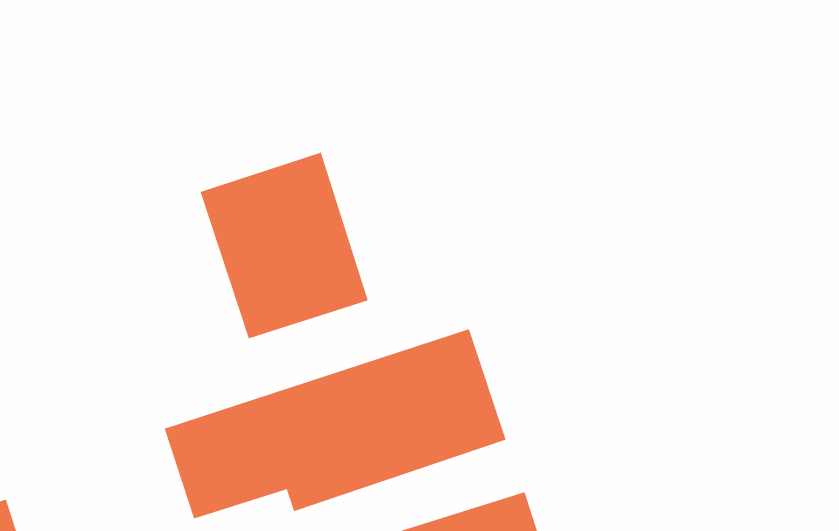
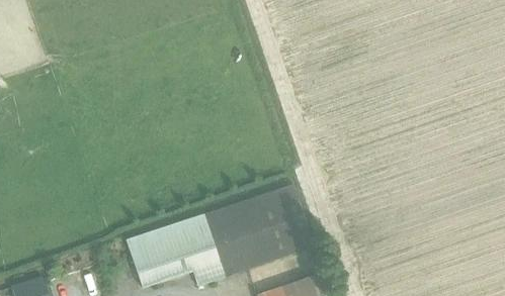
building: [200,152,368,339] -> none

